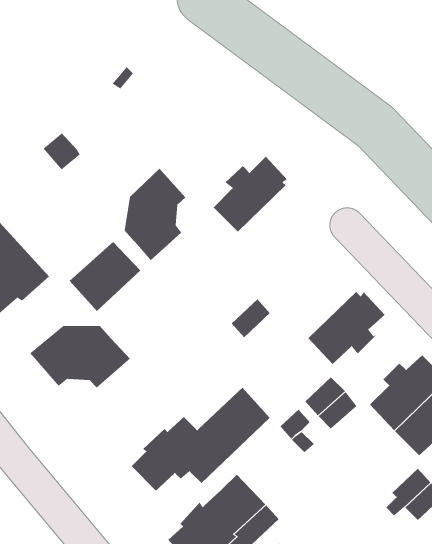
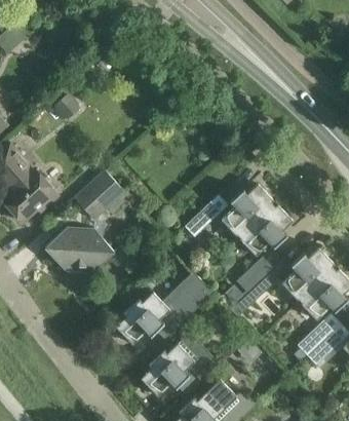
building: [213,156,288,232] -> [221,184,273,237]
building: [124,168,186,261] -> none

